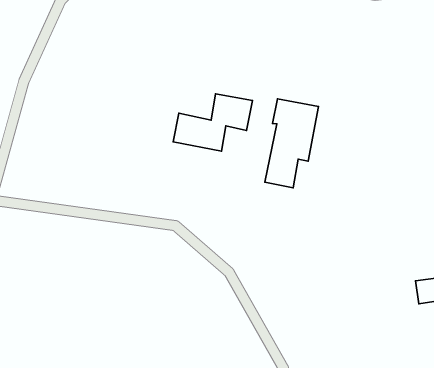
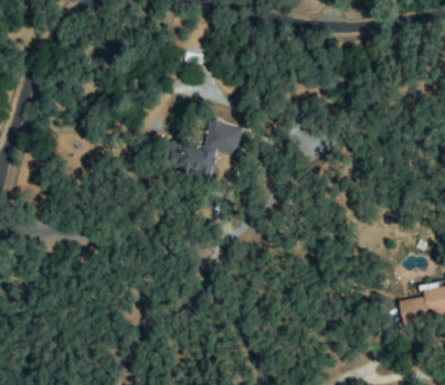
building: [265,99,319,188] -> none

